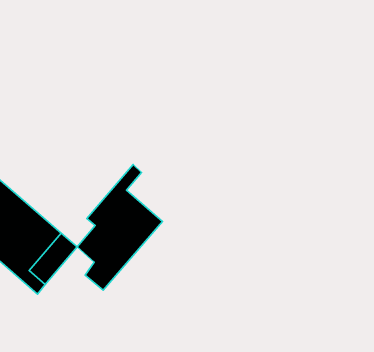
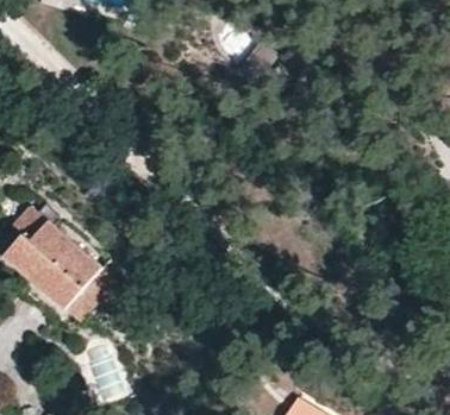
building: [77,164,162,290] -> none

